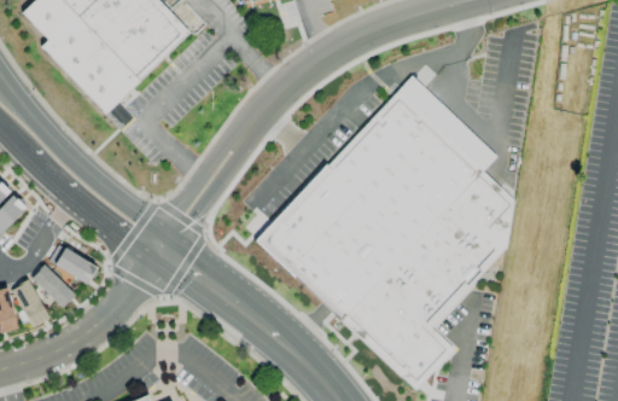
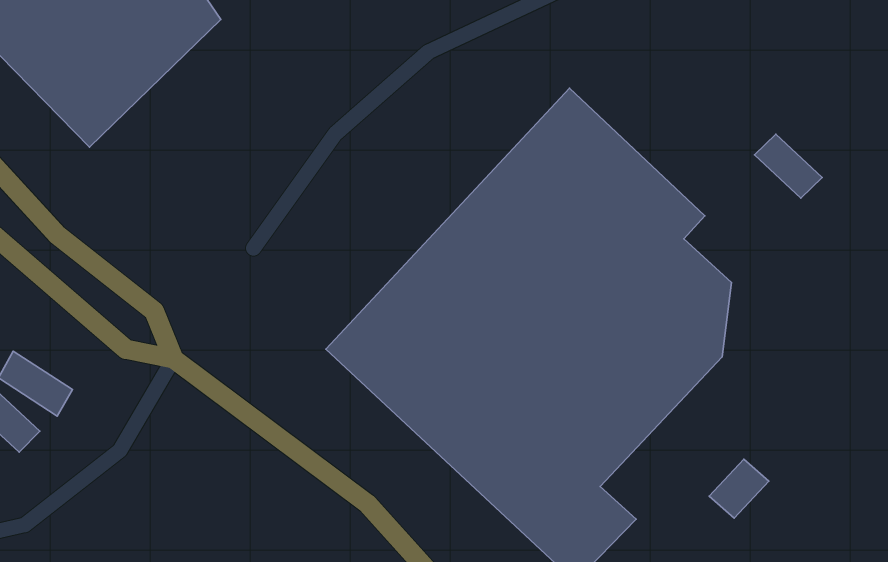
building: none -> [755,134,822,198]
building: none -> [709,459,769,518]

